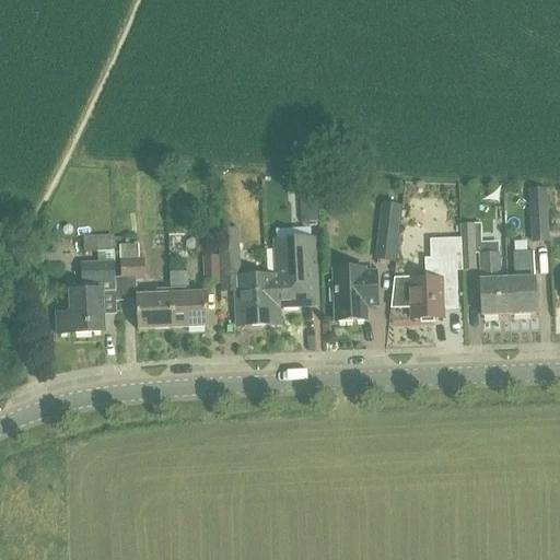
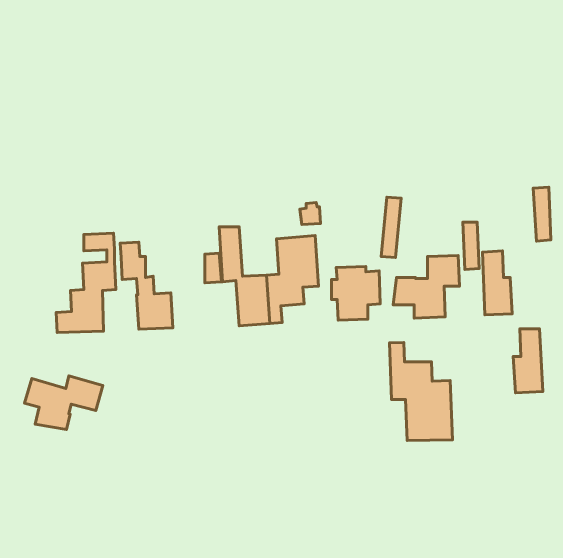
building: [506,248,536,312] -> [513,329,543,393]
building: [170,268,208,326] -> none
building: none -> [390,343,452,441]
building: none -> [25,376,103,429]

